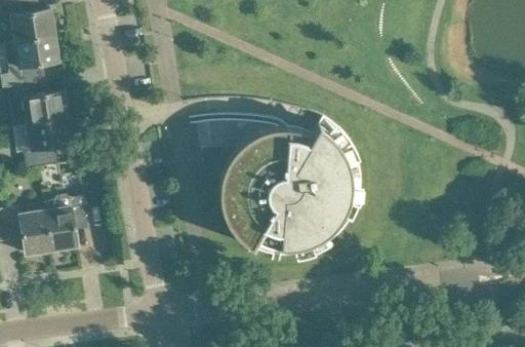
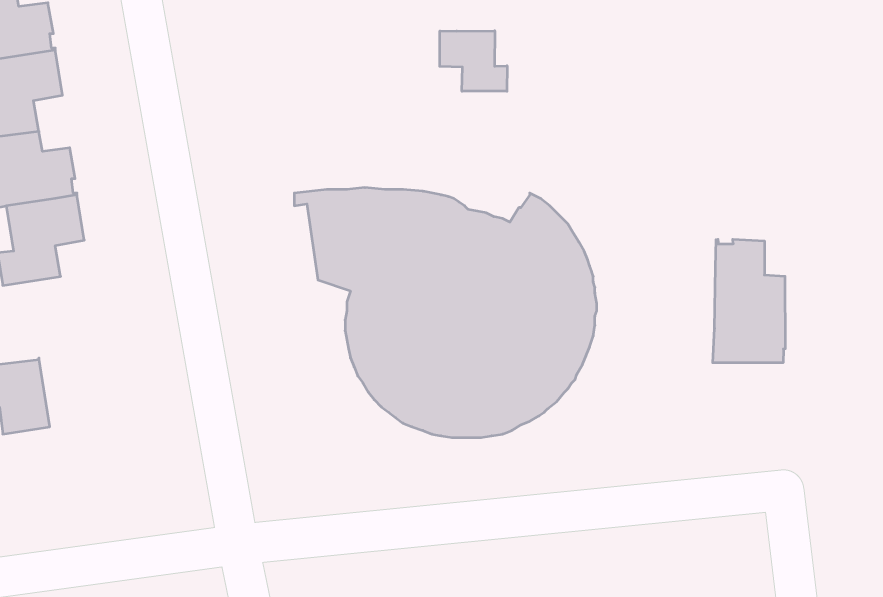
building: none -> [440,31,507,91]
building: none -> [713,239,785,363]
building: [43,195,87,249] -> none

